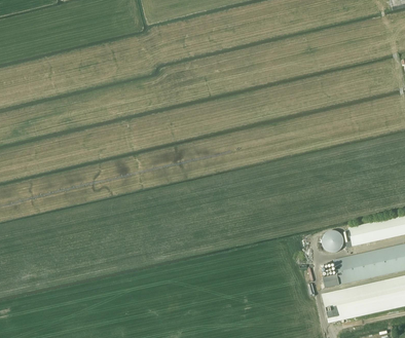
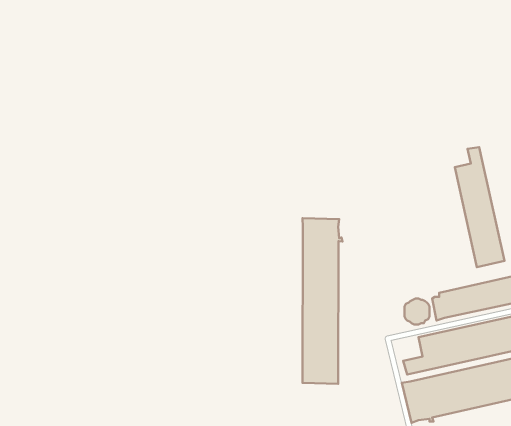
building: none -> [455,147,504,267]
building: none -> [302,218,342,384]

